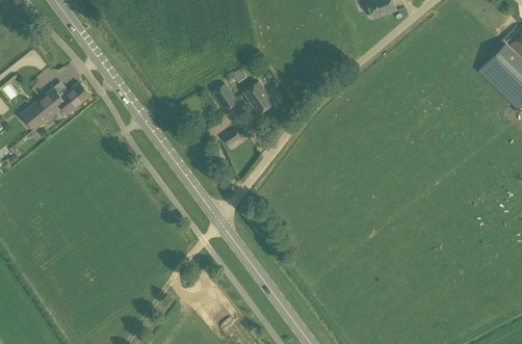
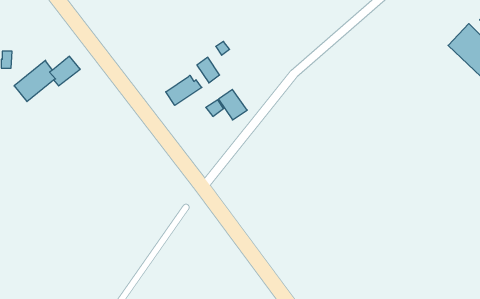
building: [243,81,273,113] -> [219,89,247,120]
building: none -> [166,75,202,105]

